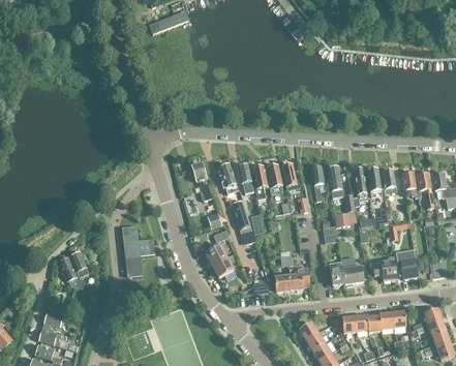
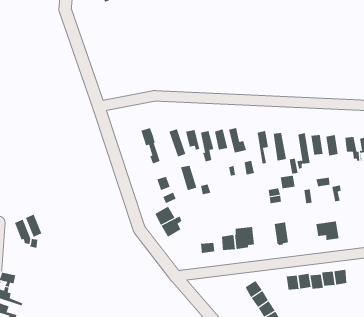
building: [121,225,154,277] -> none
building: [395,249,418,278] -> none
building: [340,257,364,284] -> none

